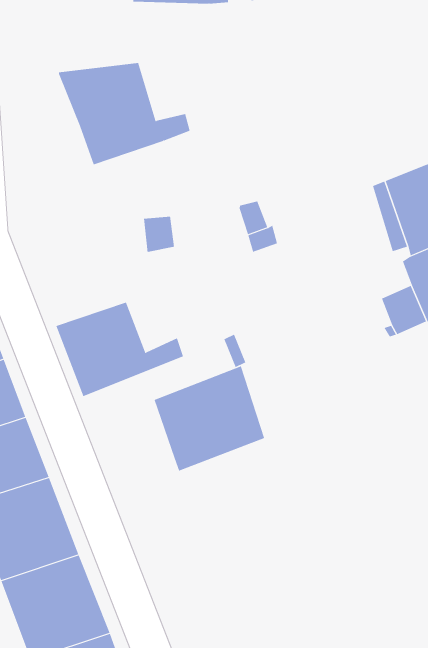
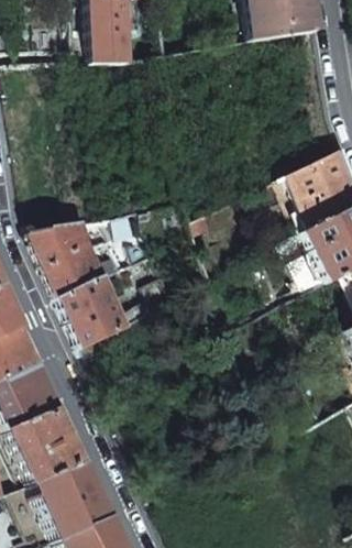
building: [58,63,191,165] -> [30,221,128,297]
building: [154,365,265,471] -> none

